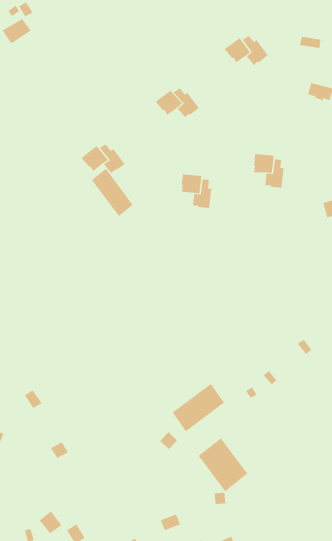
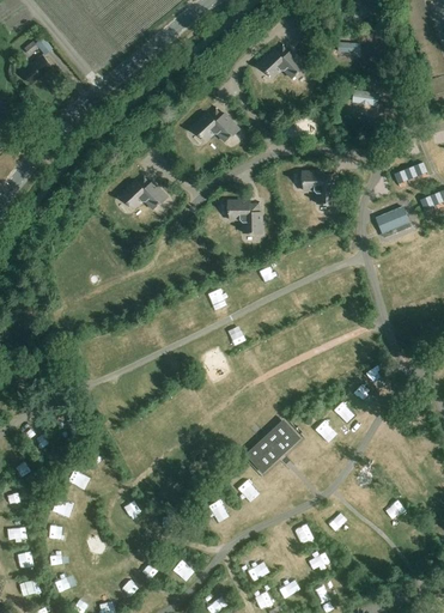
building: [91,168,133,217] -> none
building: [198,437,248,492] -> none

